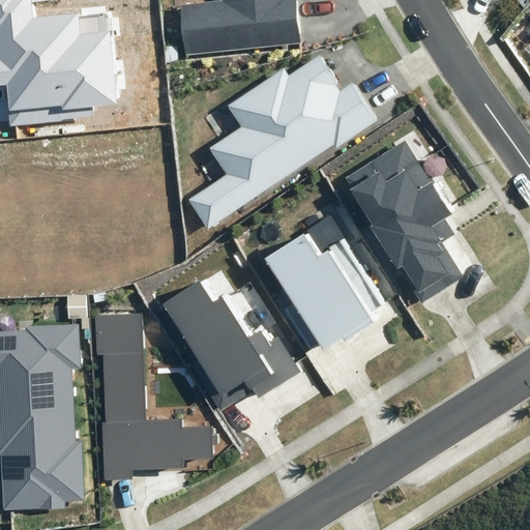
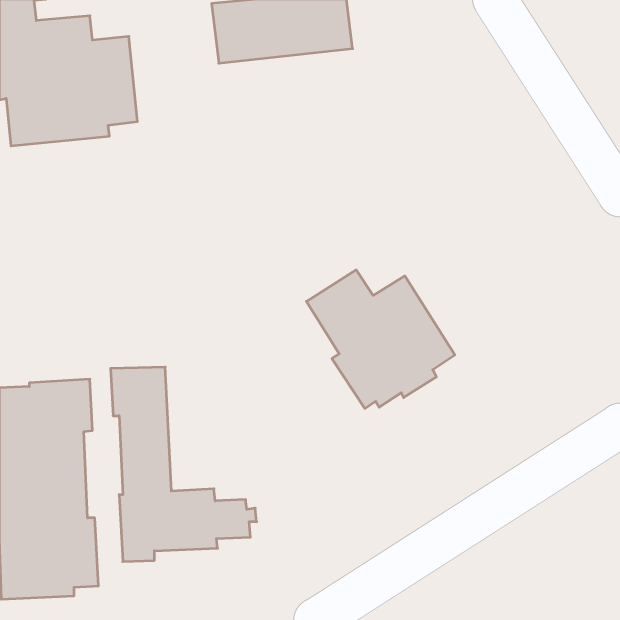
building: [189,57,379,225] -> none
building: [345,140,463,303] -> none
building: [164,283,300,407] -> none

